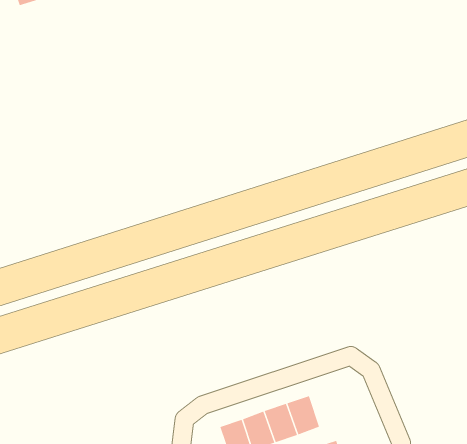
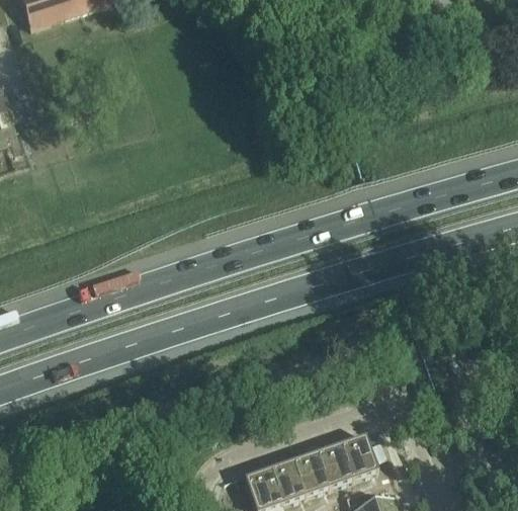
building: none -> [341,435,376,477]

